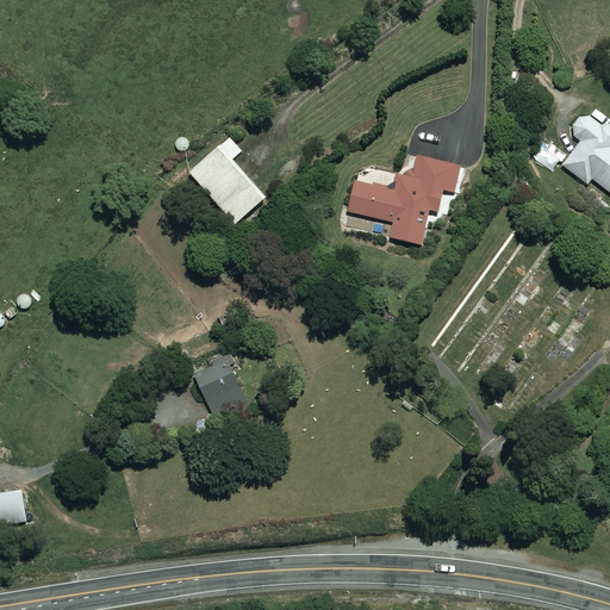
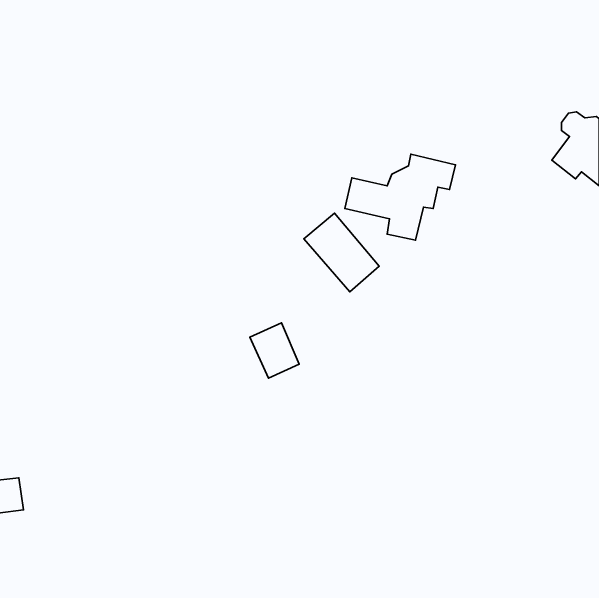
building: [188,144,264,224] -> [304,213,379,292]
building: [195,359,245,415] -> [250,323,299,378]

